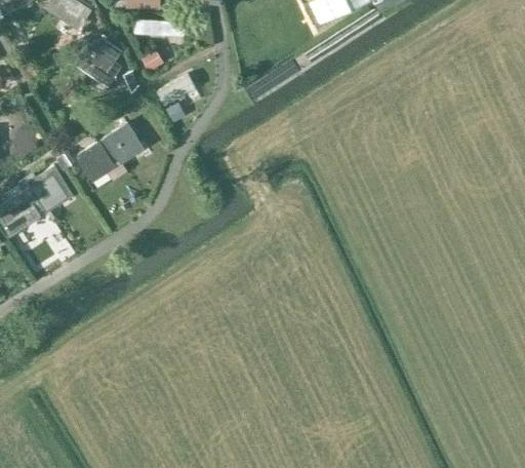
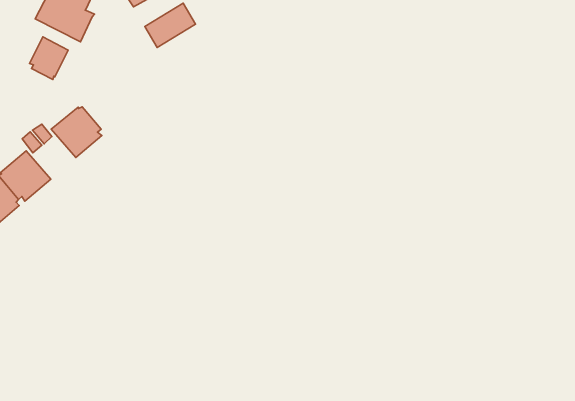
building: none -> [29,37,68,79]
building: [103,123,145,164] -> none

